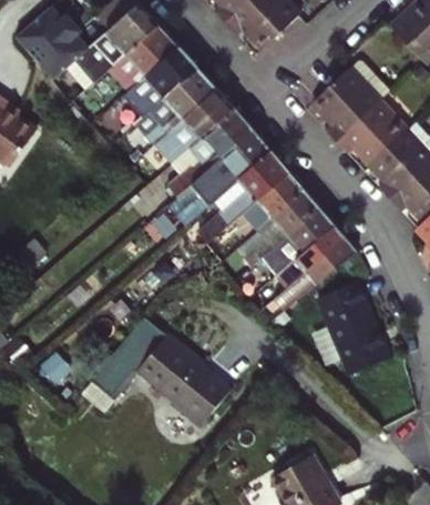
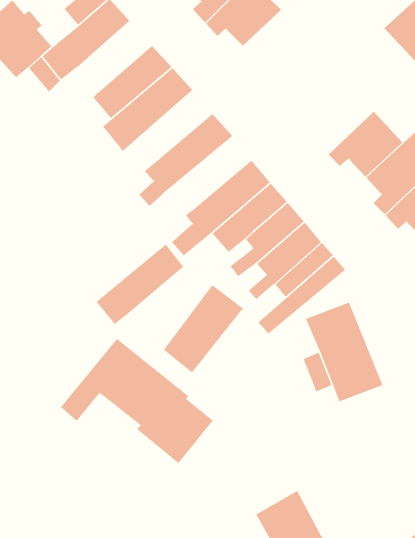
building: [111,24,178,89] -> none
building: [315,63,393,147] -> none
building: [154,88,234,162] -> none
building: [188,130,269,204] -> [96,244,184,325]
building: none -> [163,284,244,374]

